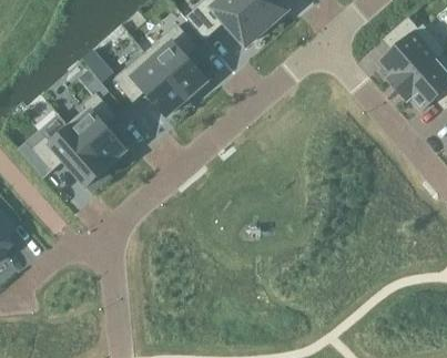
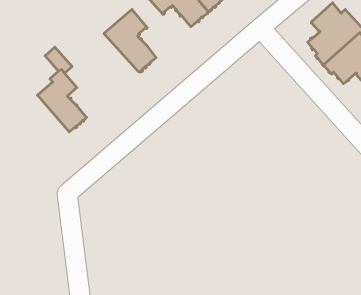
building: [115,53,186,115] -> none
building: [34,124,108,185] -> none

